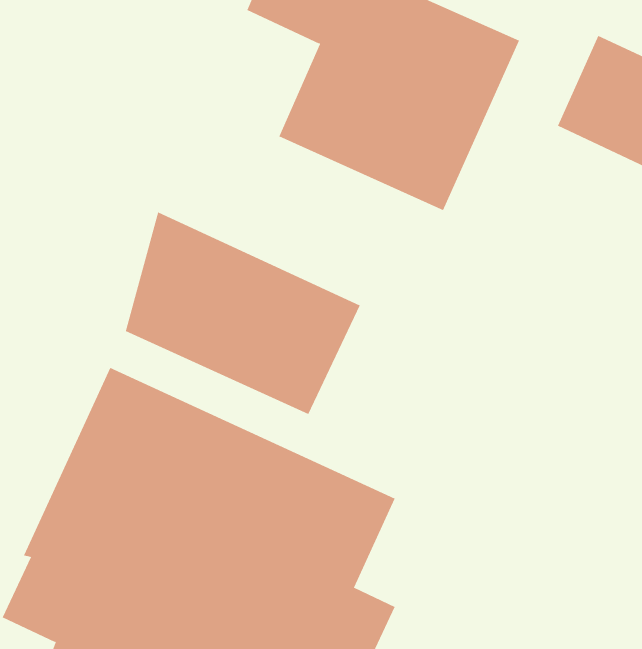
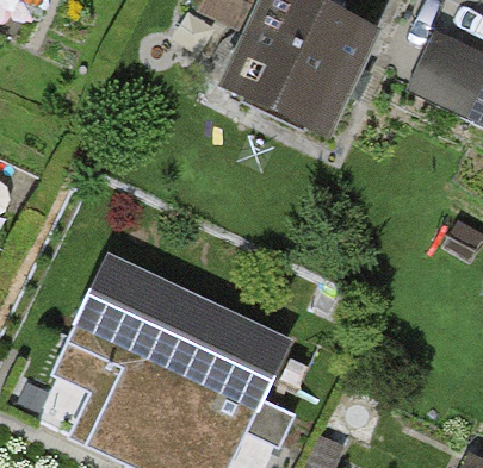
building: [125,211,360,415] -> none

